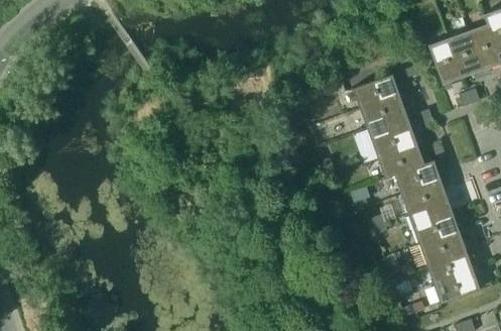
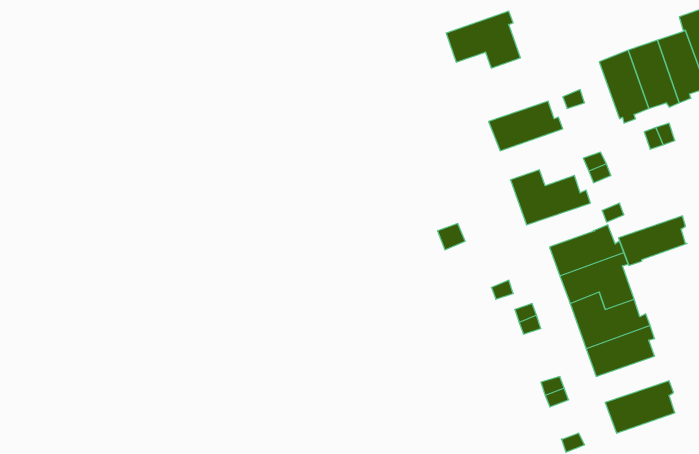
building: [359,93,410,132] -> [446,11,520,68]
building: [377,144,424,179] -> [619,216,687,265]
building: [425,250,476,283] -> none

